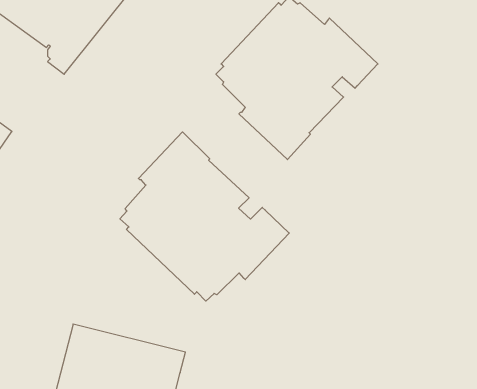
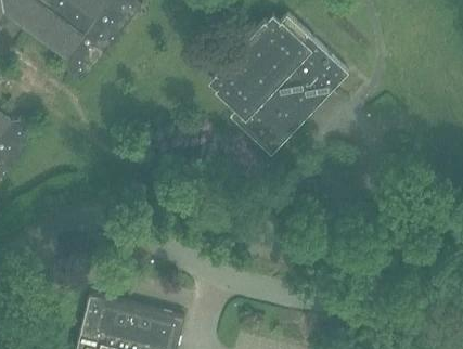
building: [120,132,289,301] -> none

